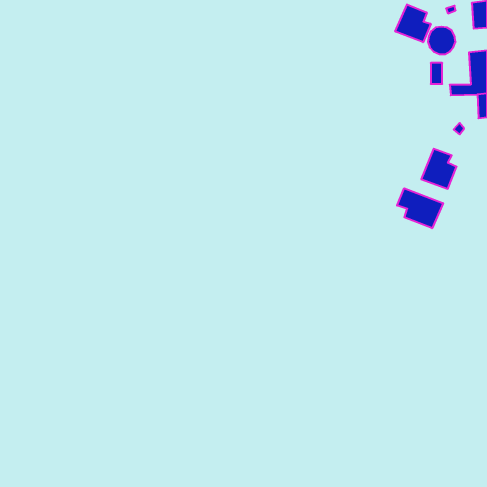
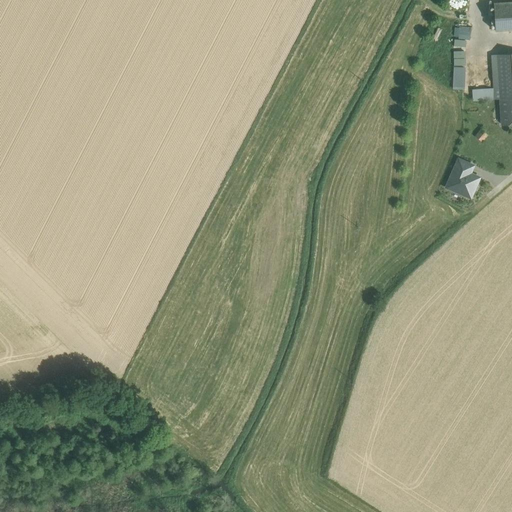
building: [395,4,431,42] -> none
building: [397,188,443,228] -> none

